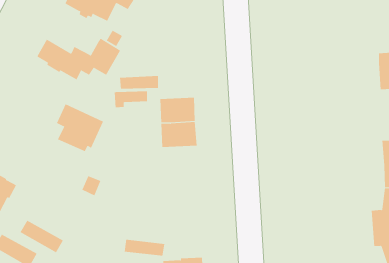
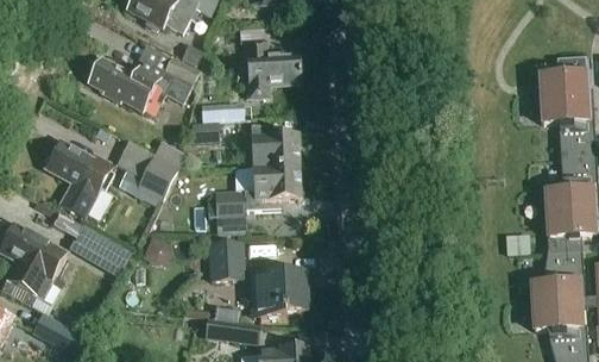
building: none -> [245,40,302,95]
building: none -> [45,139,114,218]
building: none -> [206,191,245,235]
building: none -> [207,242,242,281]
building: none -> [250,270,305,317]
building: [20,220,64,253] -> [71,225,130,269]

